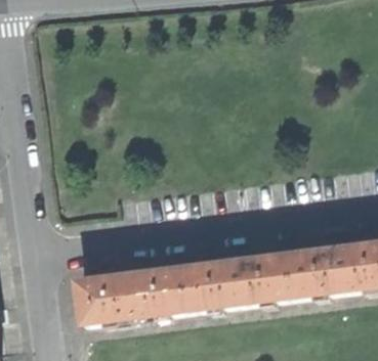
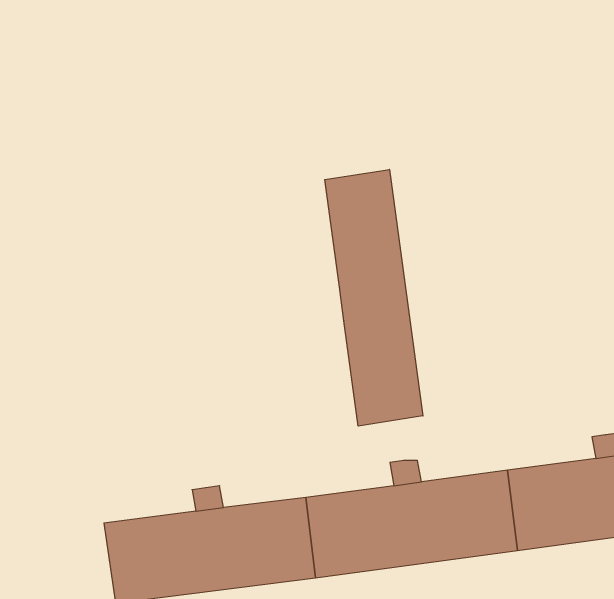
building: none -> [325,169,423,426]

